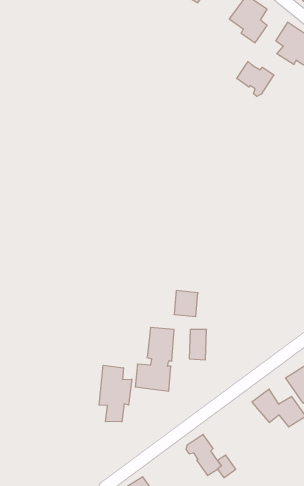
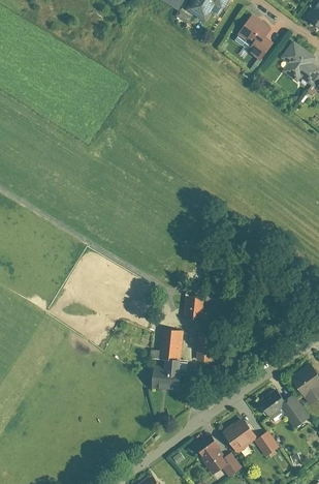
building: [237,62,274,96] -> none
building: [99,365,132,422] -> none
building: none -> [221,415,277,453]

